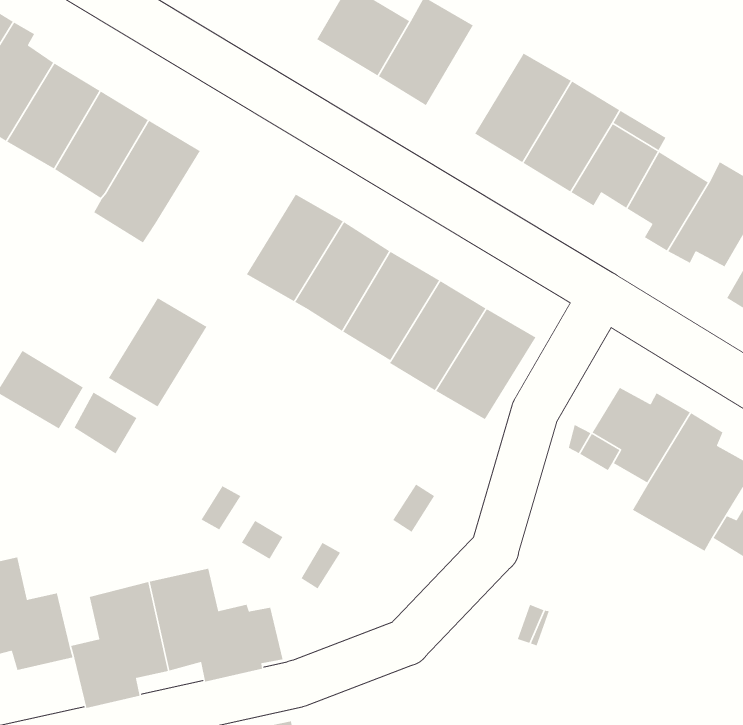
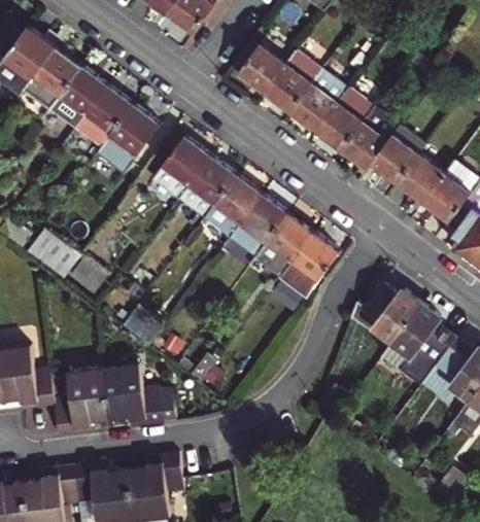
building: none -> [289,70,347,132]
building: [108,297,207,407] -> [150,136,210,199]

